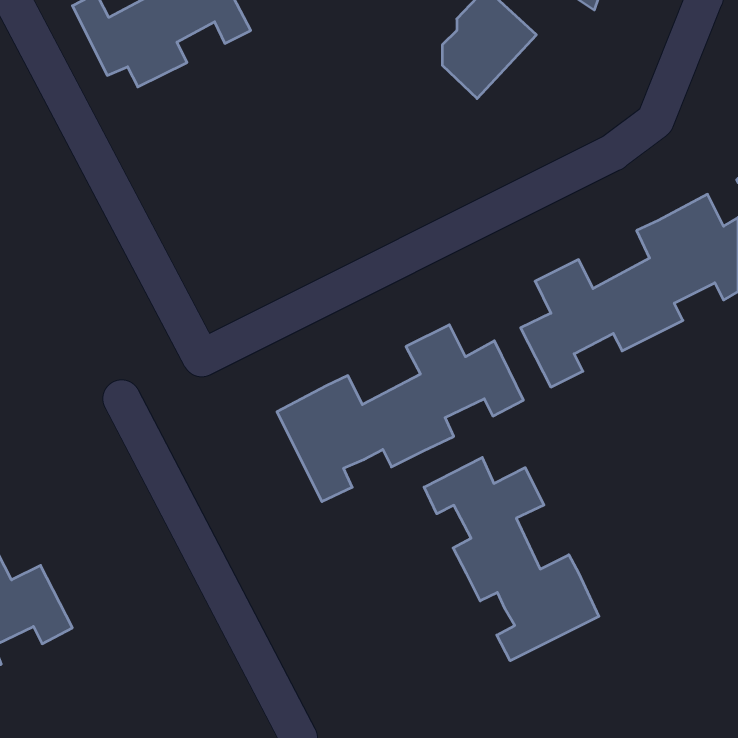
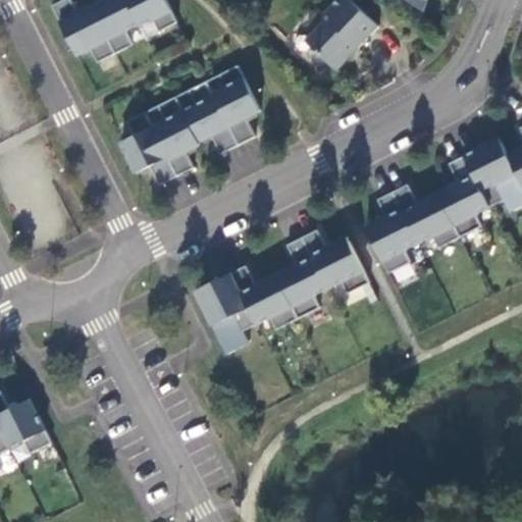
building: none -> [119,64,259,184]
building: [424,457,599,661] -> none

